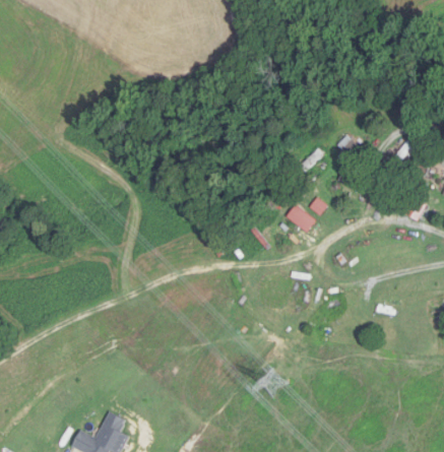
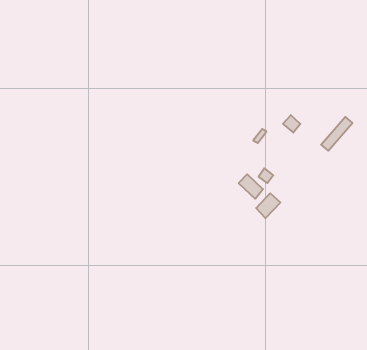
building: none -> [256,193,280,218]

